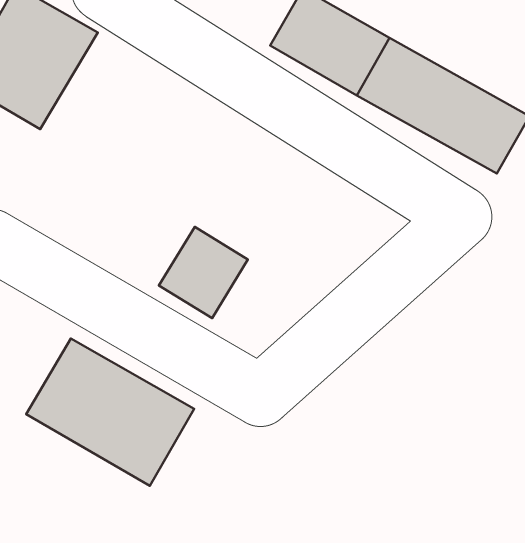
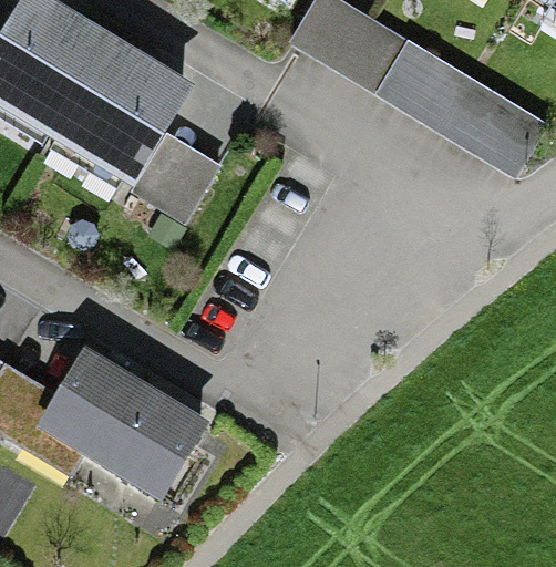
building: none -> [51,34,192,181]
building: [159,227,248,318] -> [132,136,223,229]

